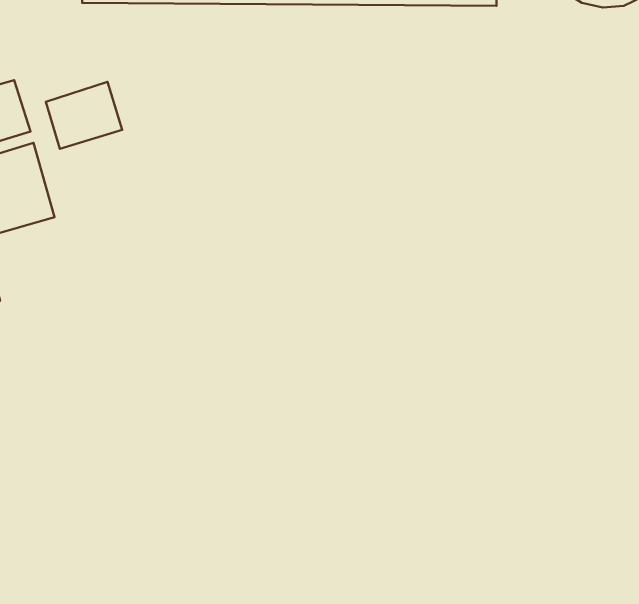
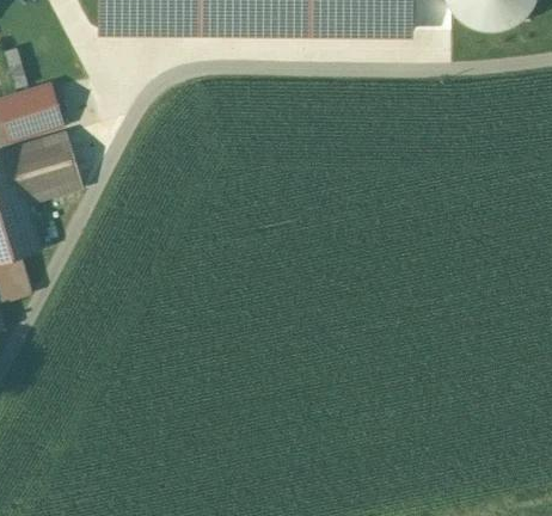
building: [46,82,122,149] -> none

